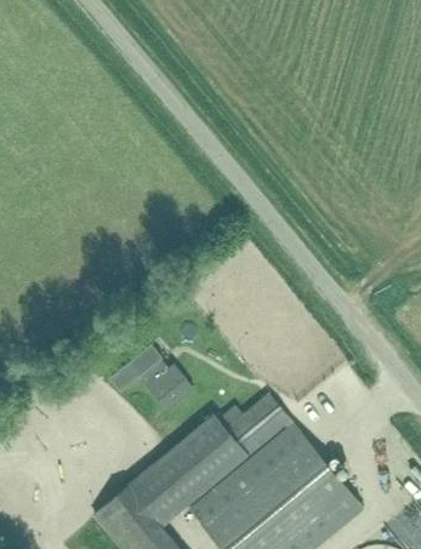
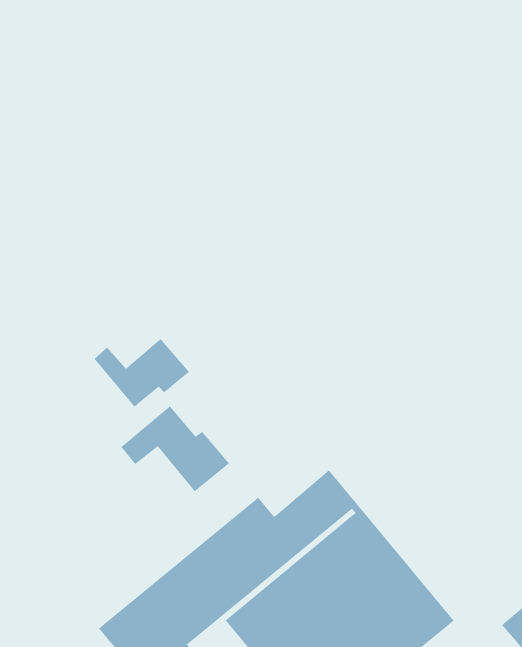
building: none -> [94,338,190,408]

